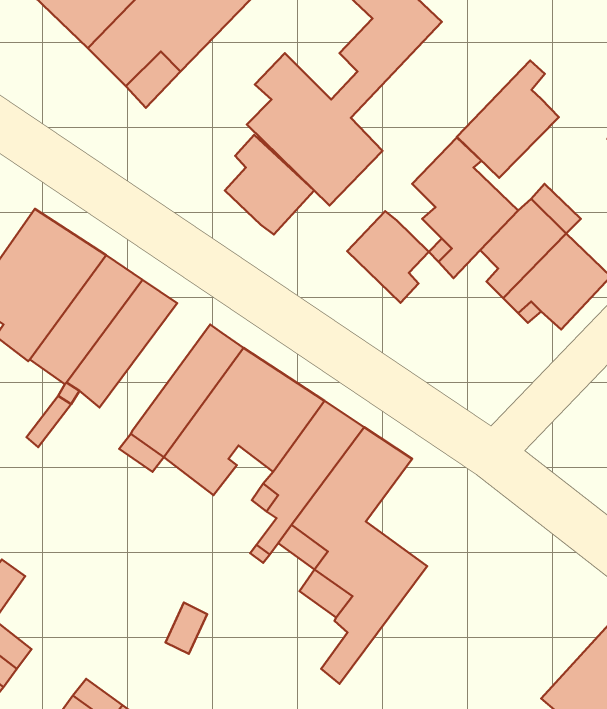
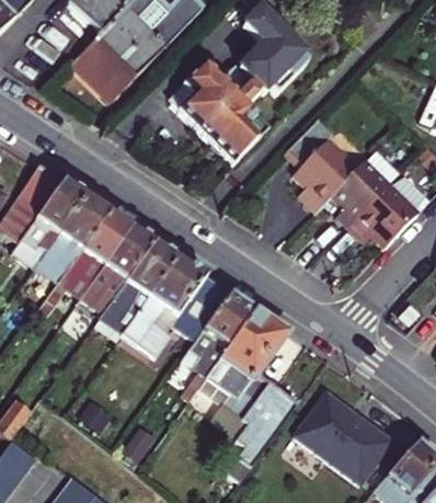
building: [457,60,559,178] -> none
building: [225,135,314,235] -> none
building: [347,211,429,303] -> none
building: none -> [80,229,153,313]
building: none -> [296,391,390,480]

